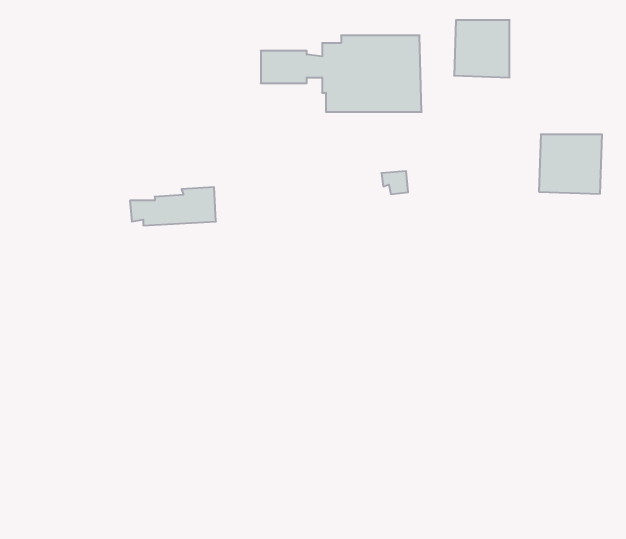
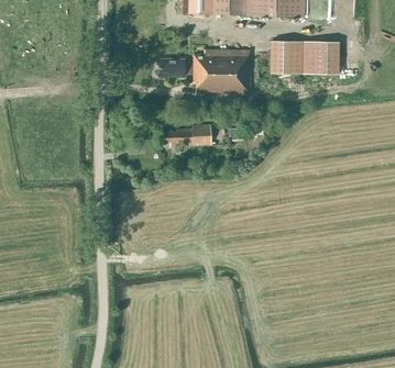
building: [539,134,602,194] -> [305,41,341,75]
building: [130,187,216,225] -> [164,124,213,146]

